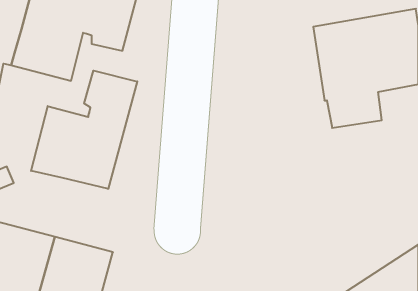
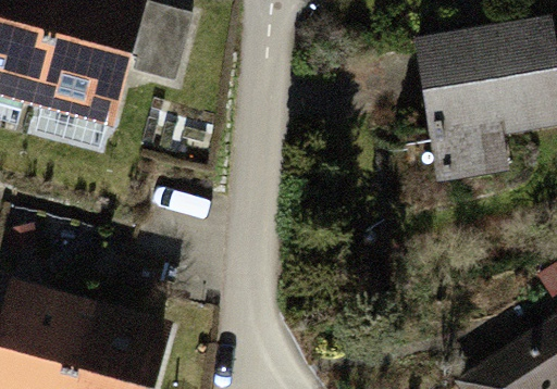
building: [31,71,137,189] -> none

